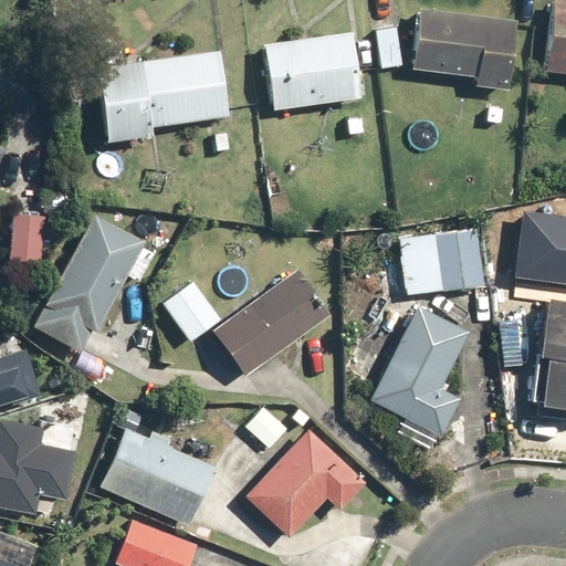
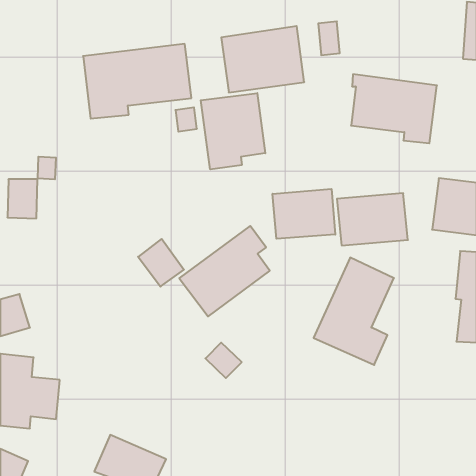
building: [413,8,515,90] -> [351,74,437,143]
building: none -> [201,93,265,169]
building: [34,214,154,350] -> none
building: none -> [273,189,335,239]
building: [102,420,214,525] -> none
building: [247,429,365,536] -> none

